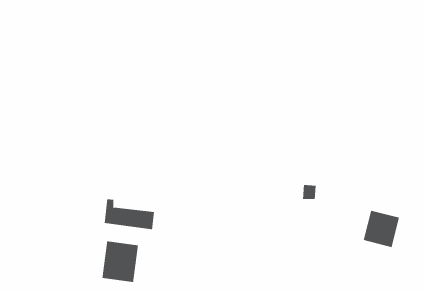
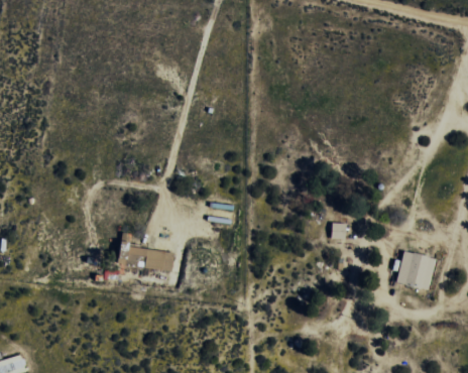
building: [102,241,138,283] -> none

